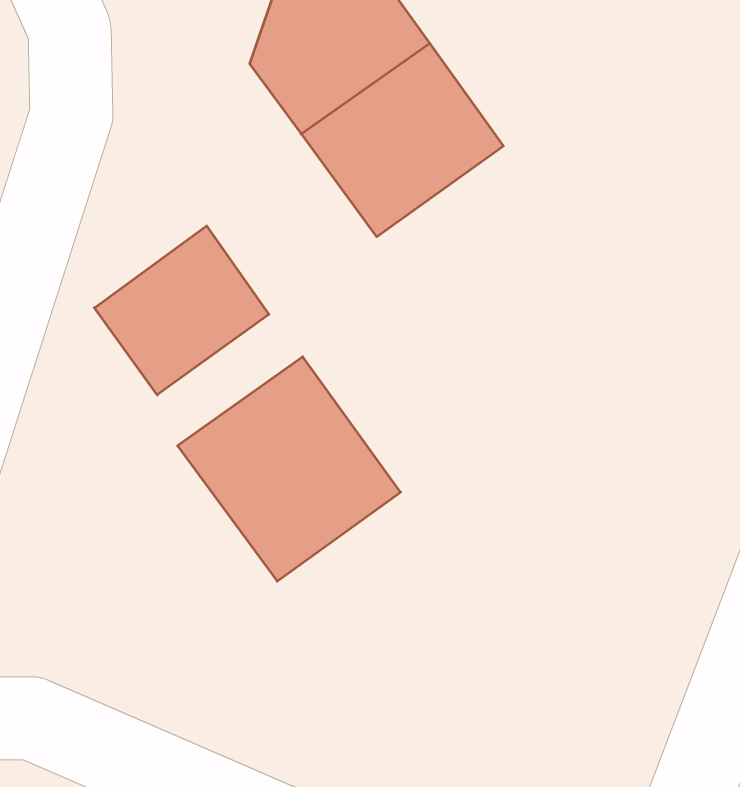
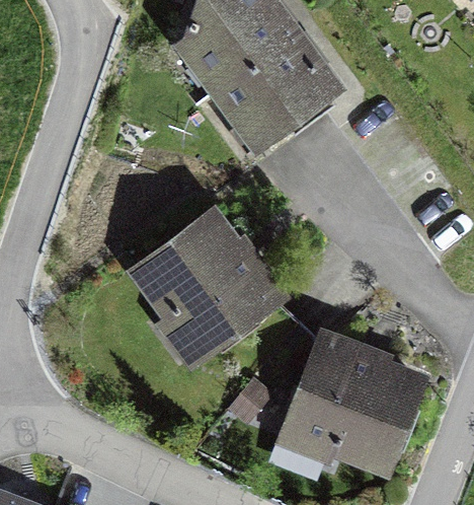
building: [94,226,269,395] -> none
building: none -> [291,345,416,465]

